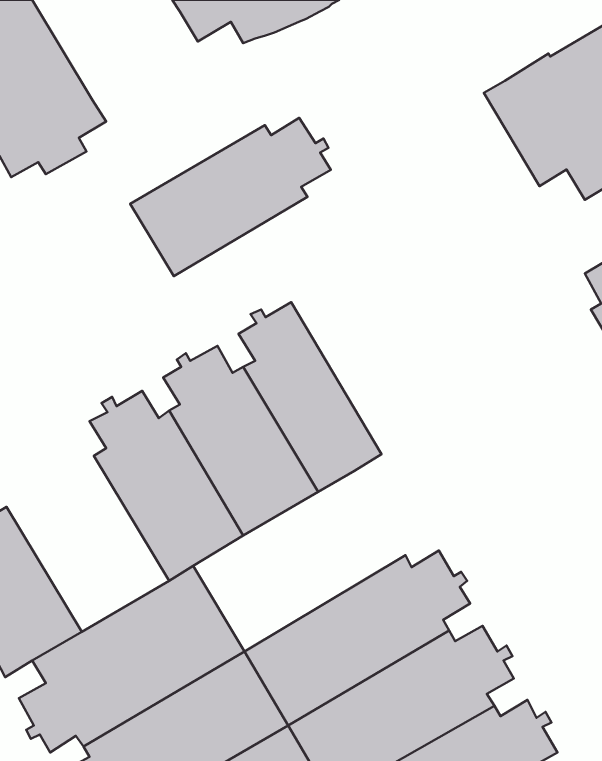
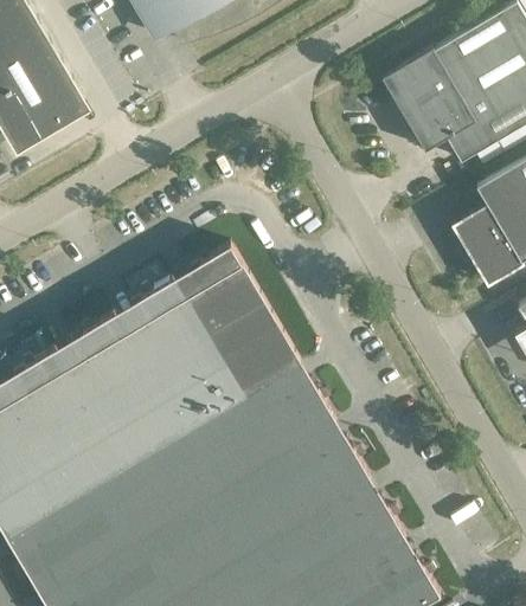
building: [130,118,331,276] -> none
building: none -> [6,348,134,503]
building: none -> [153,376,335,518]

